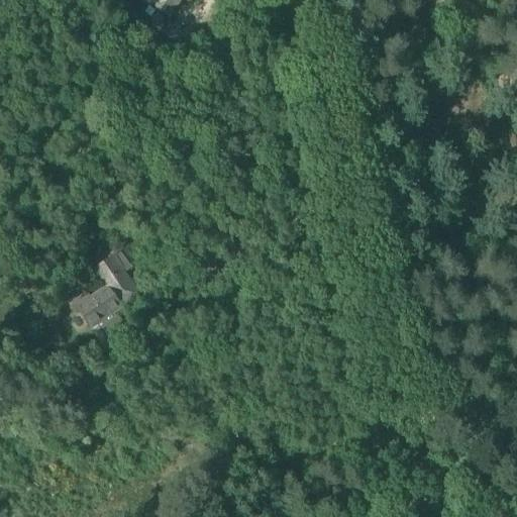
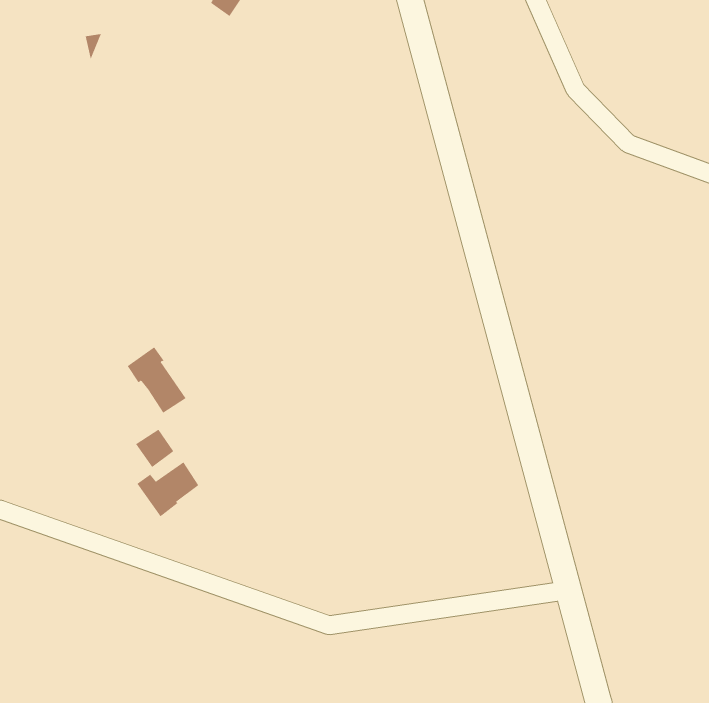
building: [75,283,120,323] -> [137,461,199,517]

